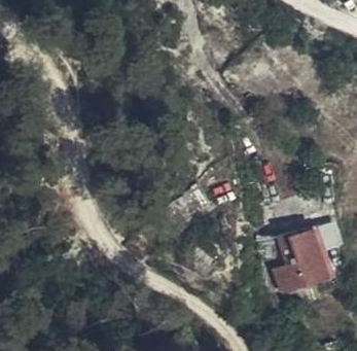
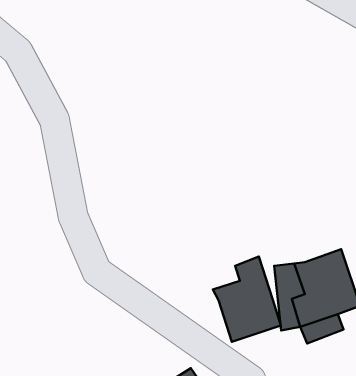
building: none -> [213,257,281,342]

